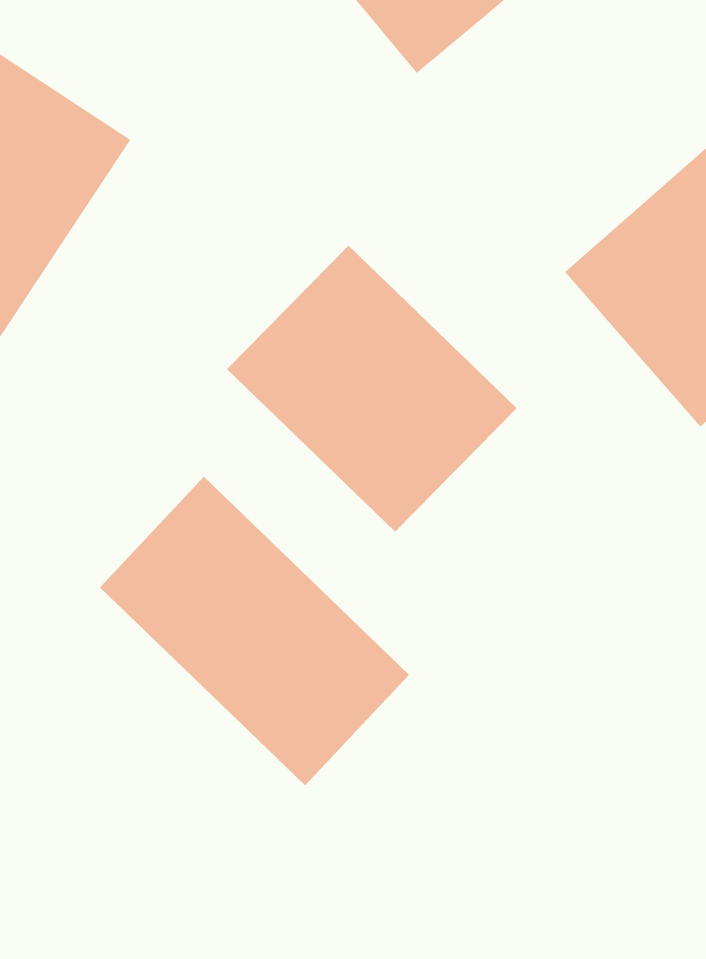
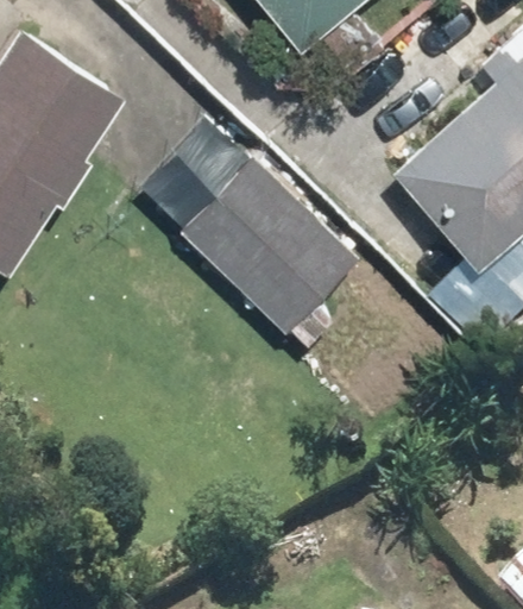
building: [99,476,410,786] -> none

